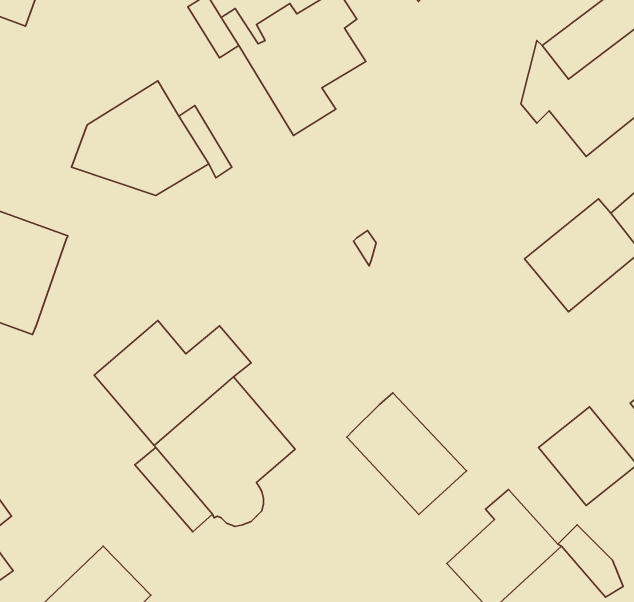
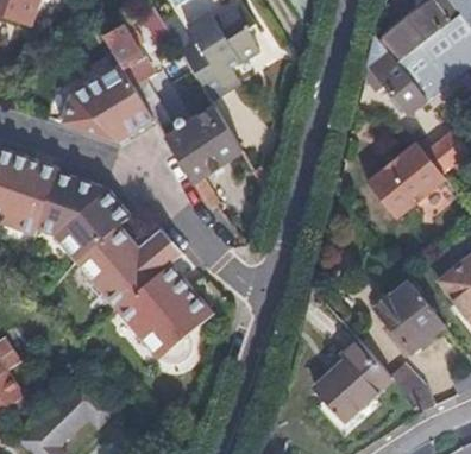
building: none -> [102,24,153,87]
building: none -> [164,105,243,207]
building: none -> [37,170,131,261]
building: [347,393,466,515] -> none

